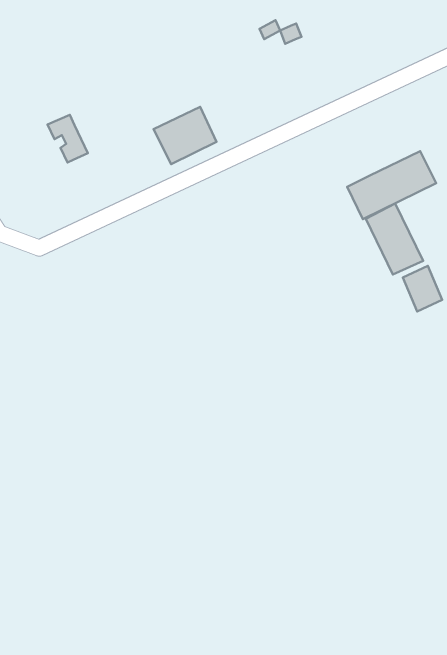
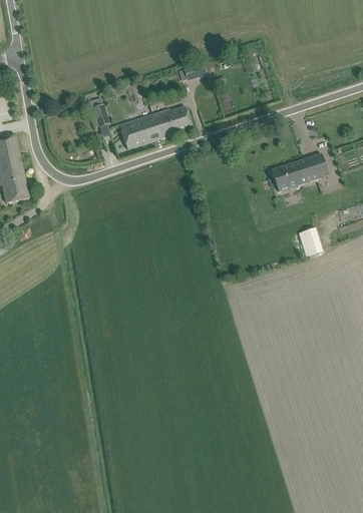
building: none -> [120,113,161,147]
building: [366,204,423,275] -> none

